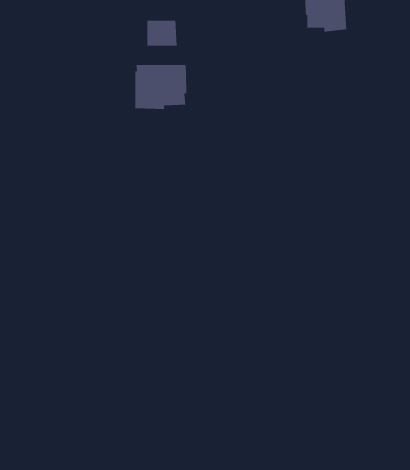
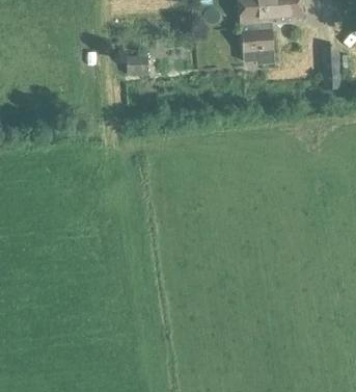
building: [134,64,187,110] -> none

